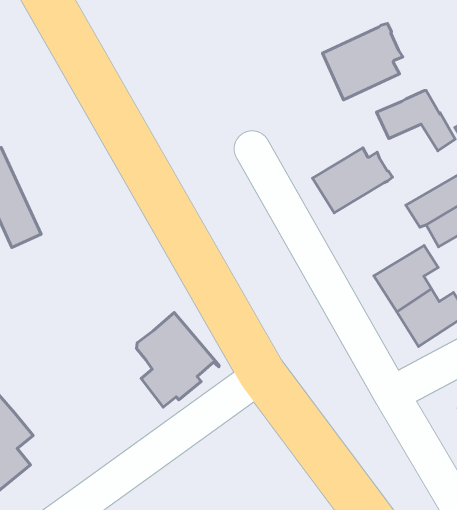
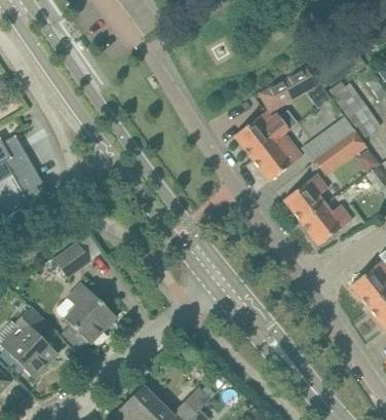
building: [323,23,403,100] -> none
building: none -> [252,133,302,182]
building: none -> [54,242,91,277]
building: [137,312,219,407] -> [57,283,116,350]

